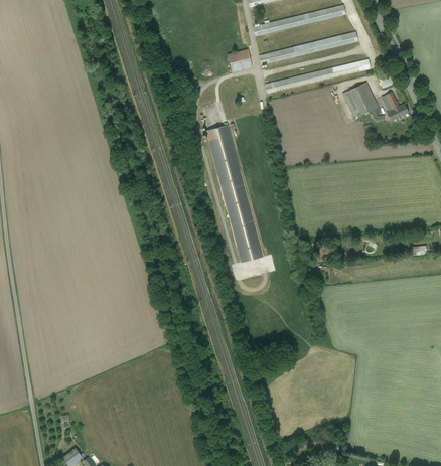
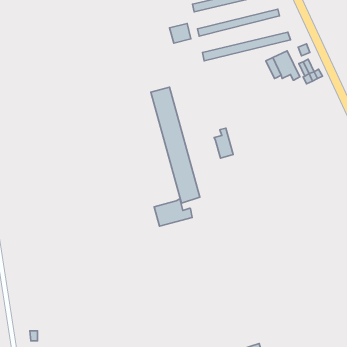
building: none -> [214,128,233,158]
building: none -> [154,199,192,226]

